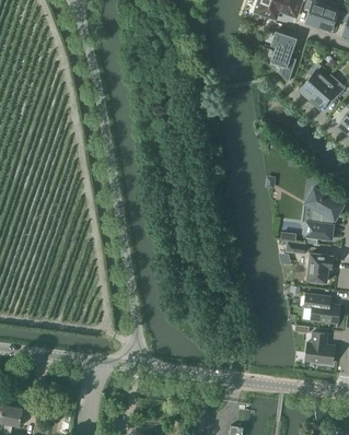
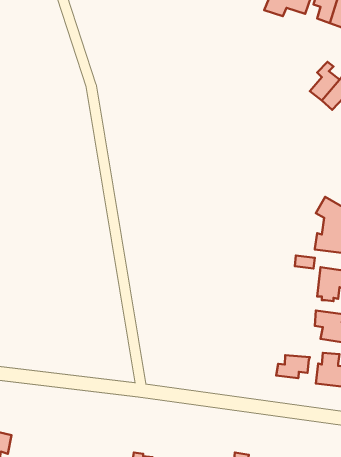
building: [270,32,298,83] -> none
building: none -> [276,355,310,378]

